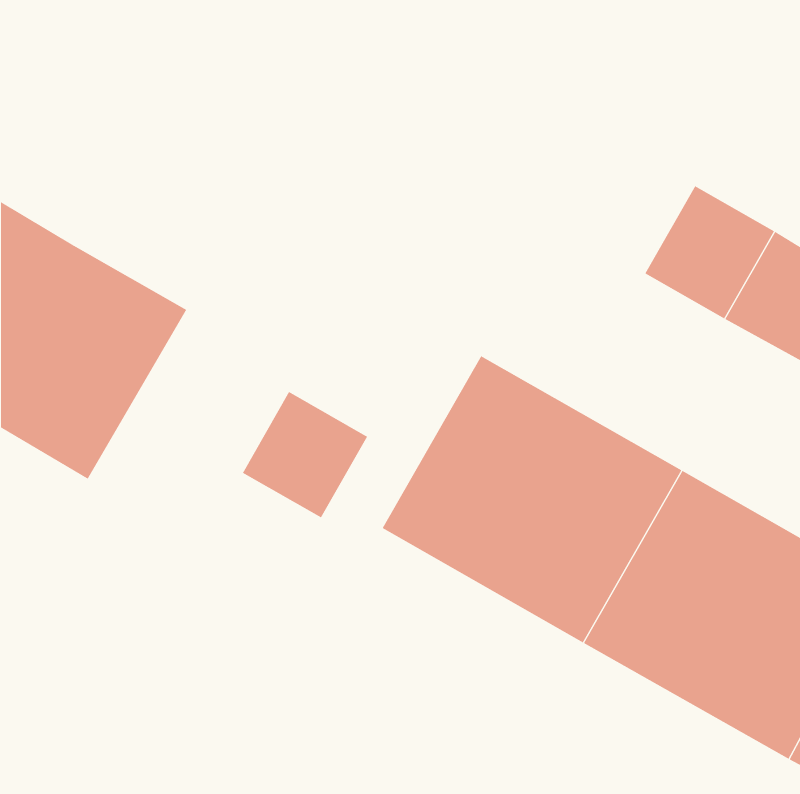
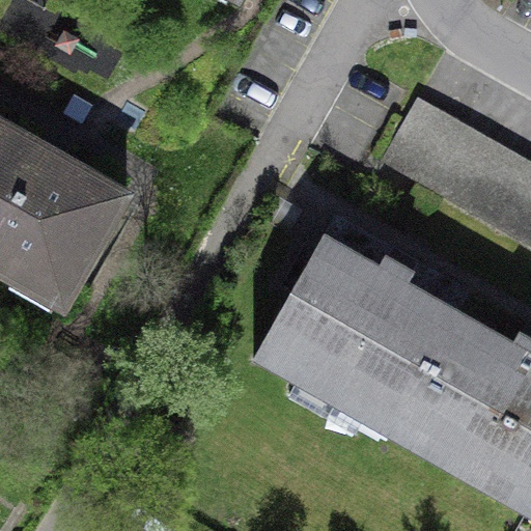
building: none -> [385,99,460,180]
building: [242,391,368,518] -> none

